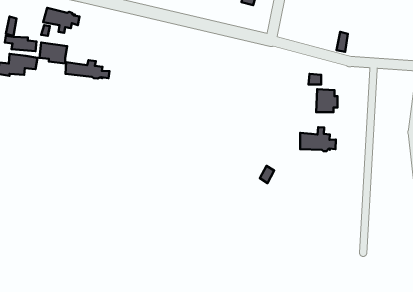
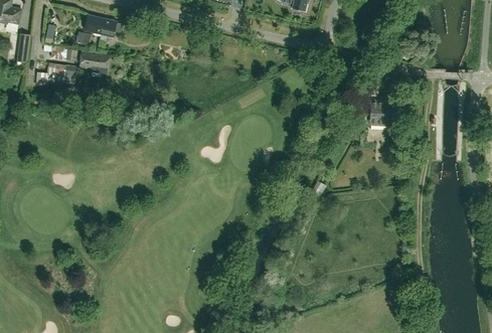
building: [65,60,110,79] -> none
building: [300,127,336,151] -> none

